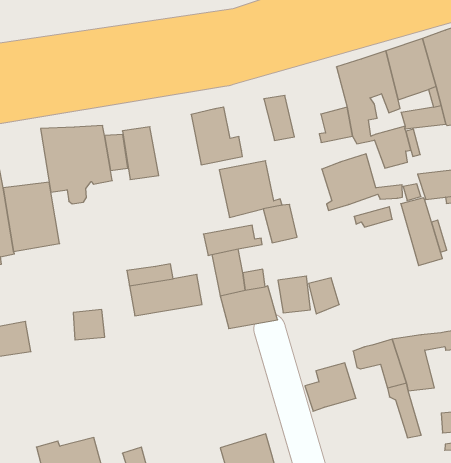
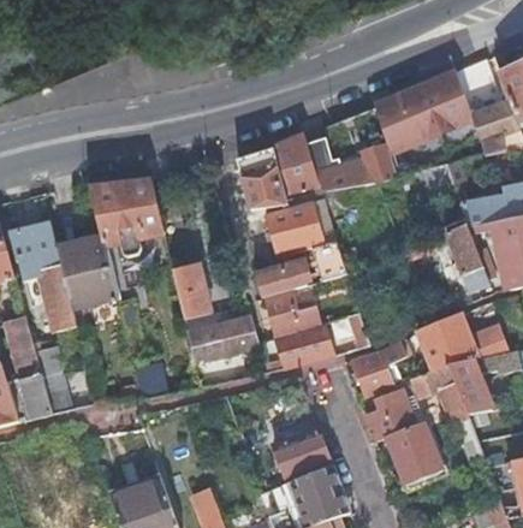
building: none -> [274,132,320,192]
building: [122,127,159,180] -> [173,265,212,318]
building: [322,154,402,210] -> [418,315,499,373]
building: none -> [352,342,408,397]
building: none -> [273,429,331,483]
building: none -> [386,422,441,483]

